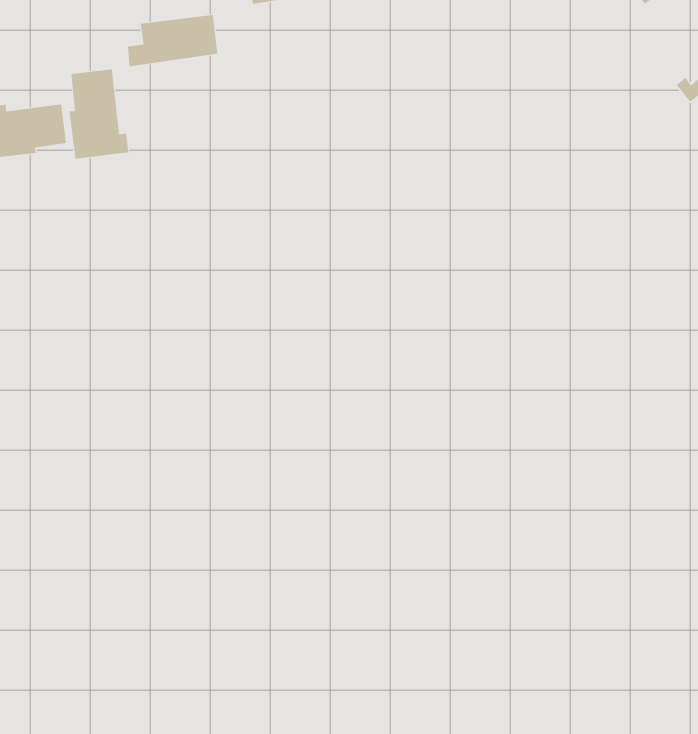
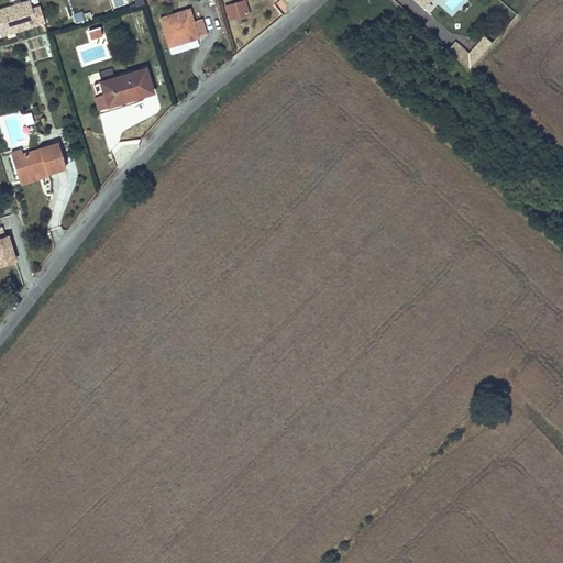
building: [69,69,129,159] -> none

